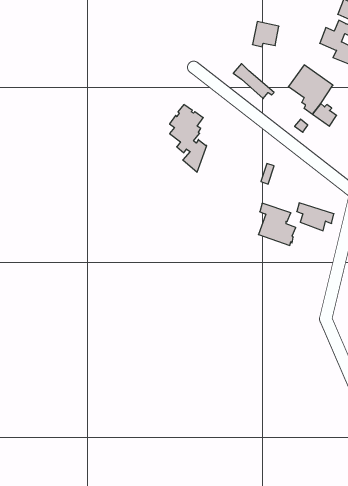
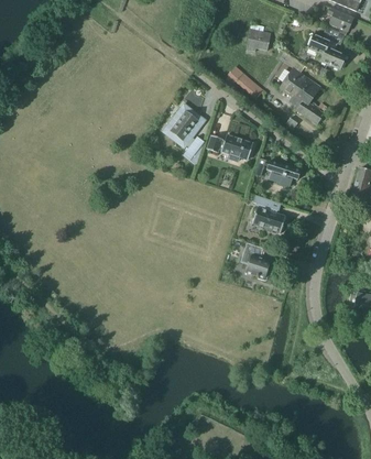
building: none -> [206,134,252,161]
building: [297,203,334,231] -> [265,161,299,186]
building: none -> [239,242,270,280]

